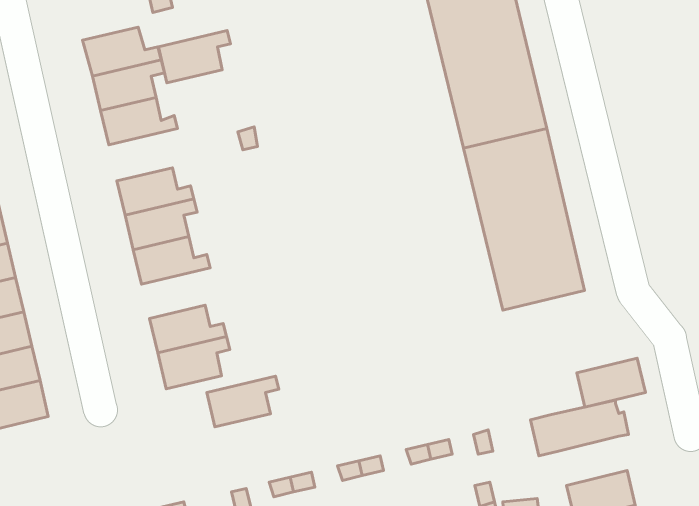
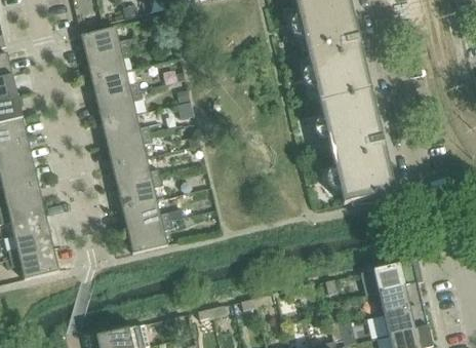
building: [158,31,230,83] -> [96,89,142,122]
building: [577,358,645,407] -> [379,282,422,313]
building: [207,376,279,427] -> [117,177,162,208]

